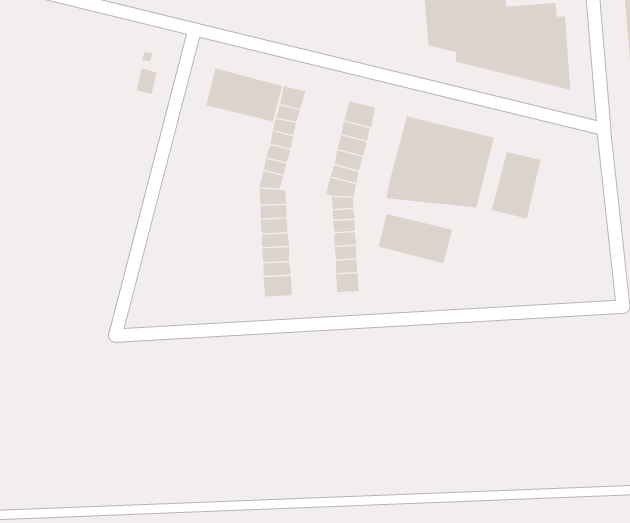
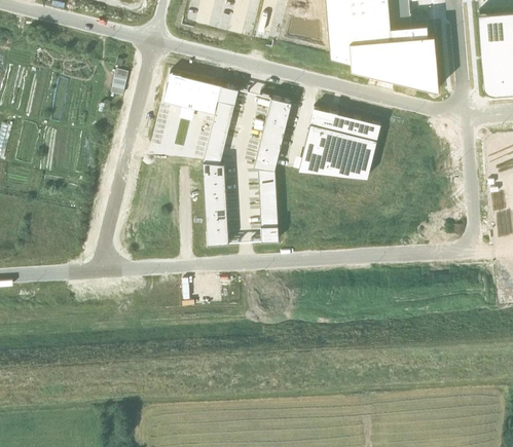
building: [491,151,542,220] -> none
building: [378,213,453,264] -> none

